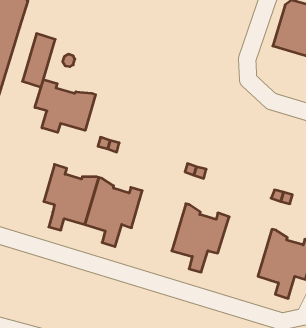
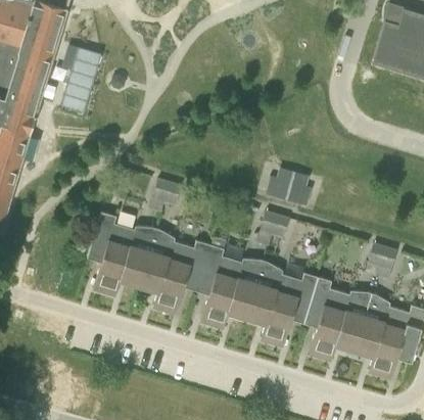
building: [35,79,96,132] -> none
building: none -> [266,169,313,207]
building: none -> [196,244,264,326]
building: none -> [303,277,371,358]

